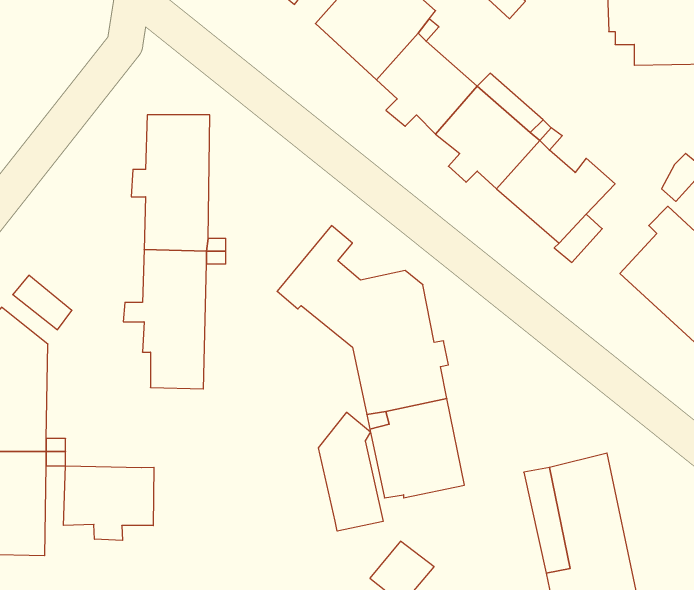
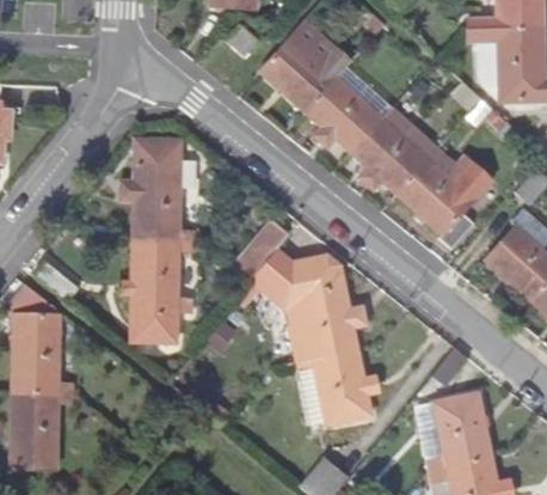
building: [319,412,383,531] -> none
building: [64,466,154,540] -> none

